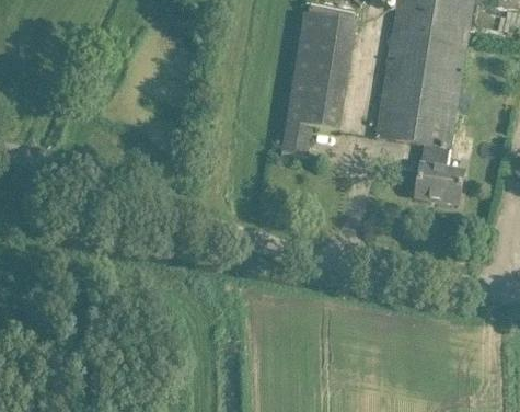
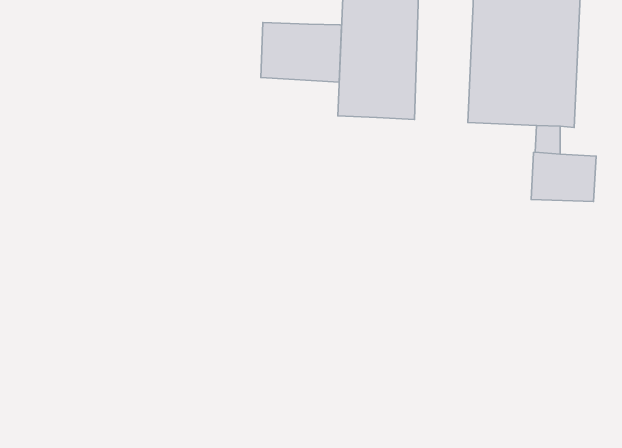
building: none -> [261,23,342,82]
building: [281,121,313,154] -> none

